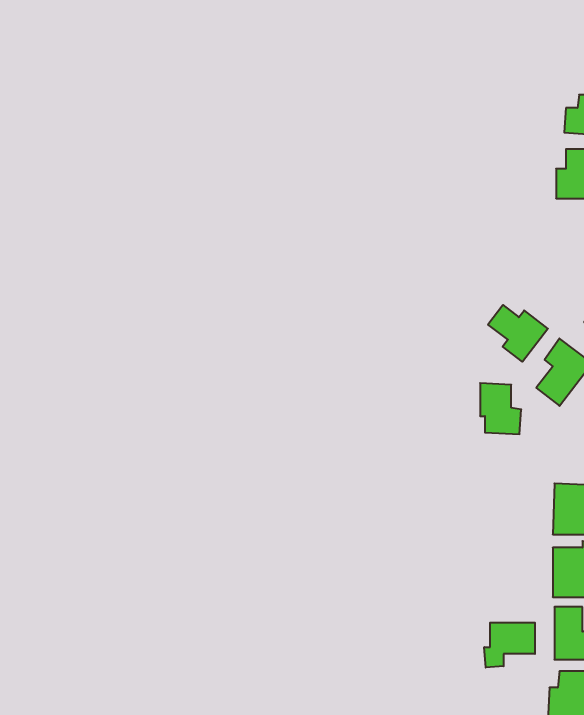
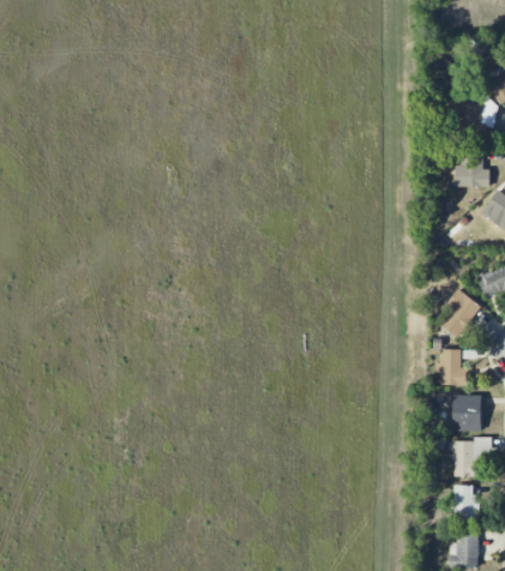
building: [488,305,548,362] -> none
building: [480,383,521,434] -> [438,349,468,386]
building: [484,623,535,668] -> none

